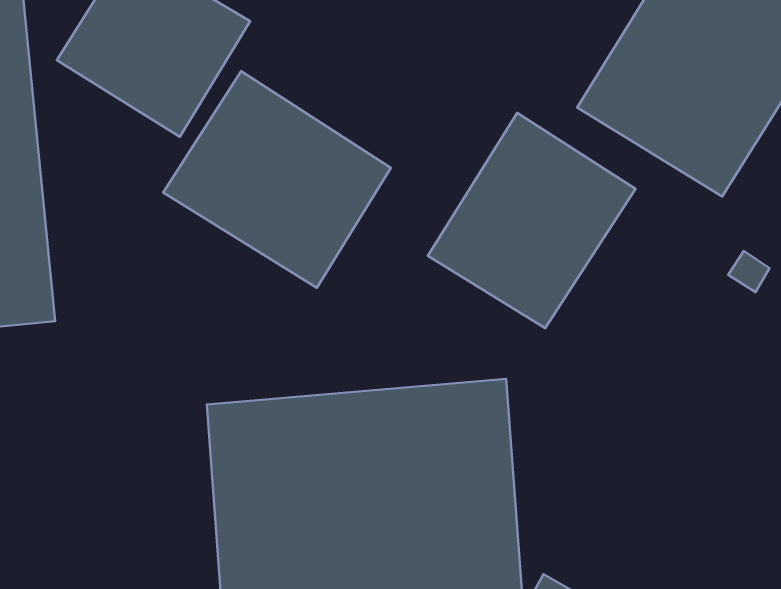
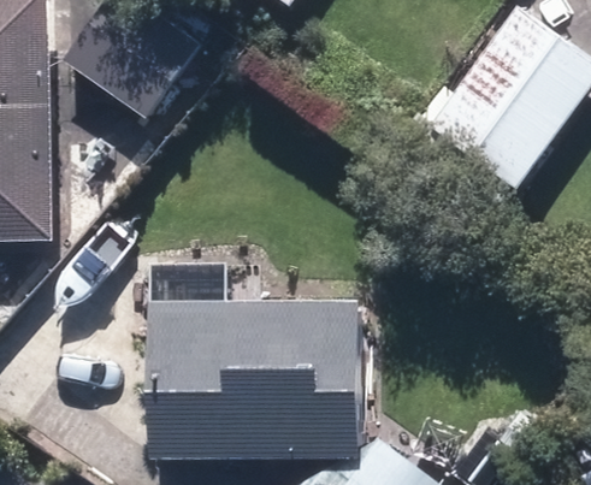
building: [163,71,391,288] -> none
building: [428,113,635,328] -> none

